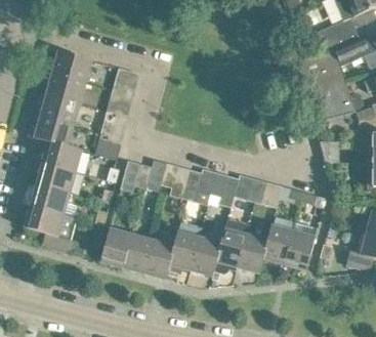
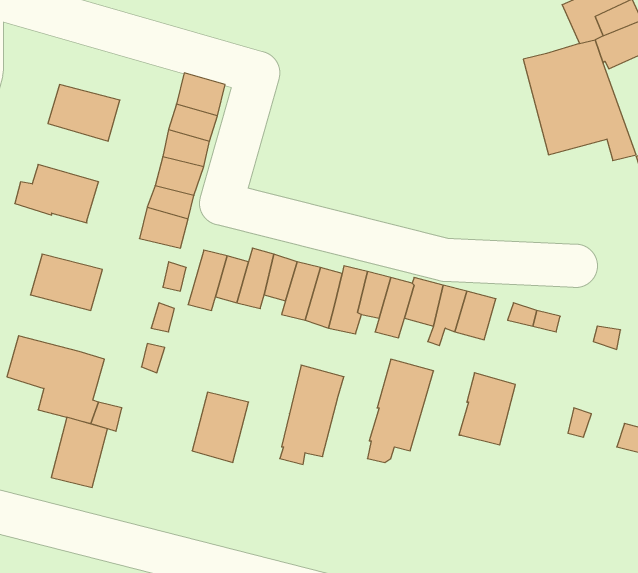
building: [52,50,90,81] -> none
building: [41,93,78,124] -> none
building: [43,140,80,170] -> none
building: [31,183,69,213] -> none
building: [284,220,318,268] -> none
building: [100,228,130,265] -> [51,417,108,487]
building: [237,234,267,271] -> none
building: [191,237,220,275] -> none
building: [143,240,173,278] -> none

